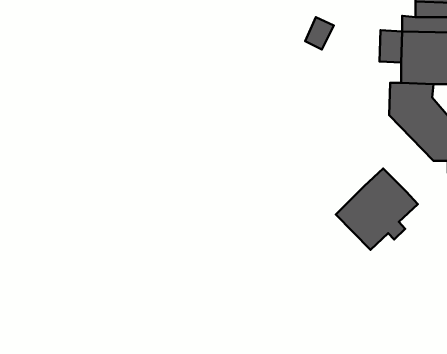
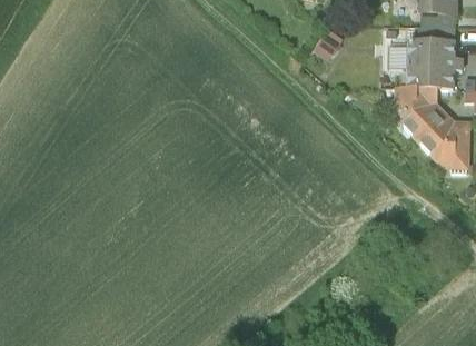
building: [336,169,418,250] -> none

